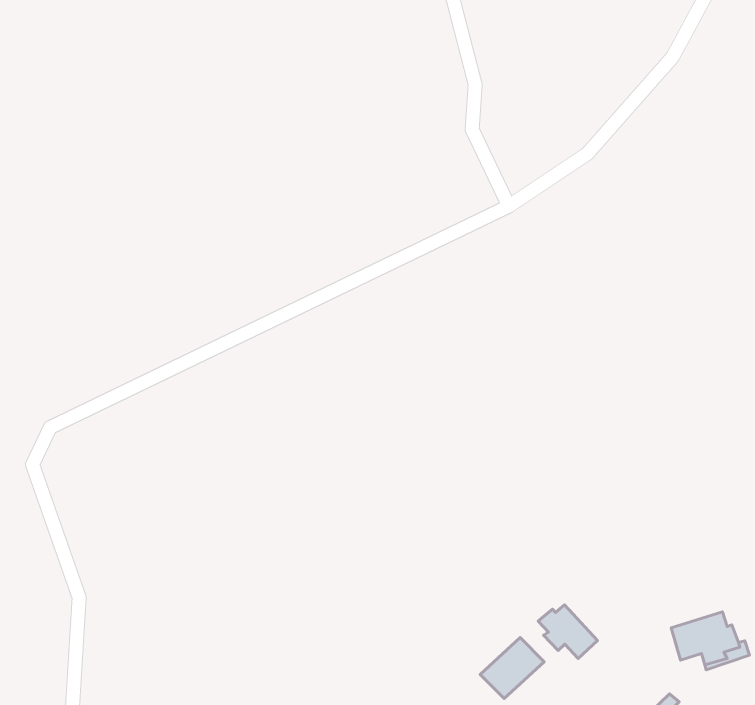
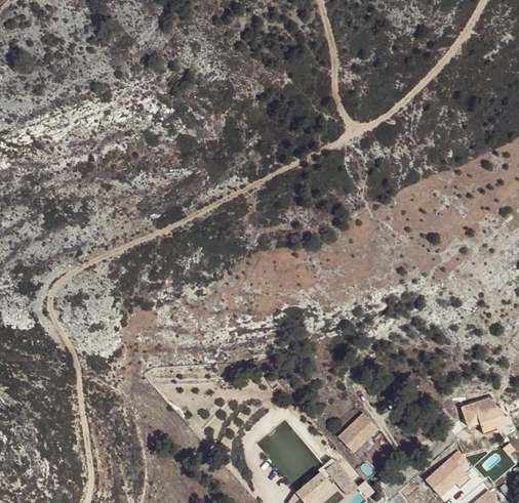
building: [538,605,597,659] -> none

